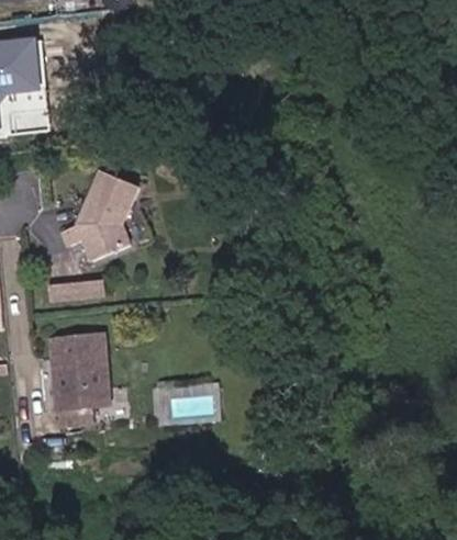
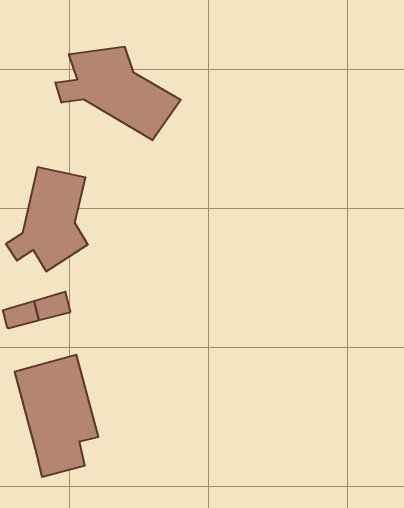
building: none -> [55,47,181,140]

